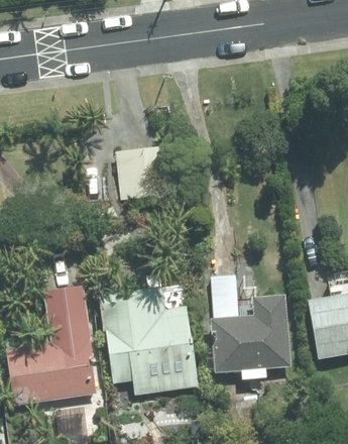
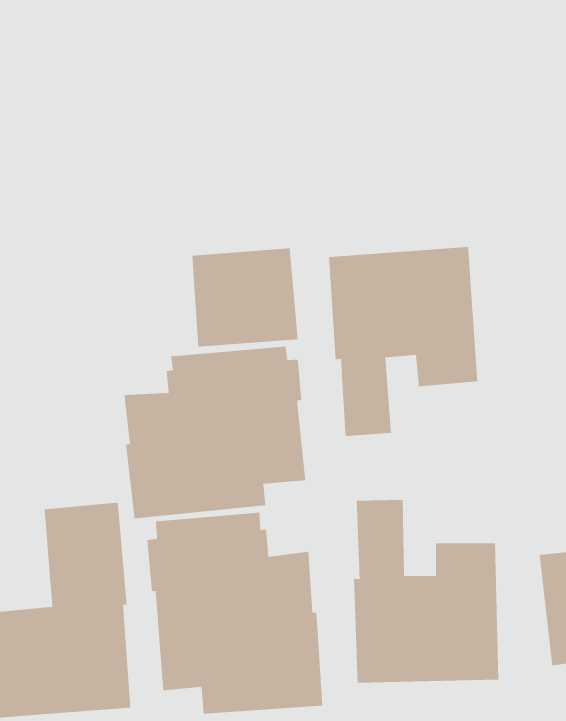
building: none -> [329,246,478,437]
building: none -> [124,346,306,519]

